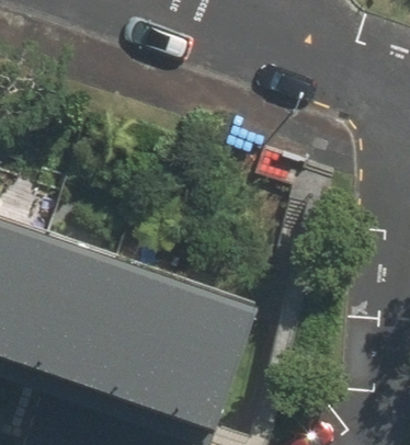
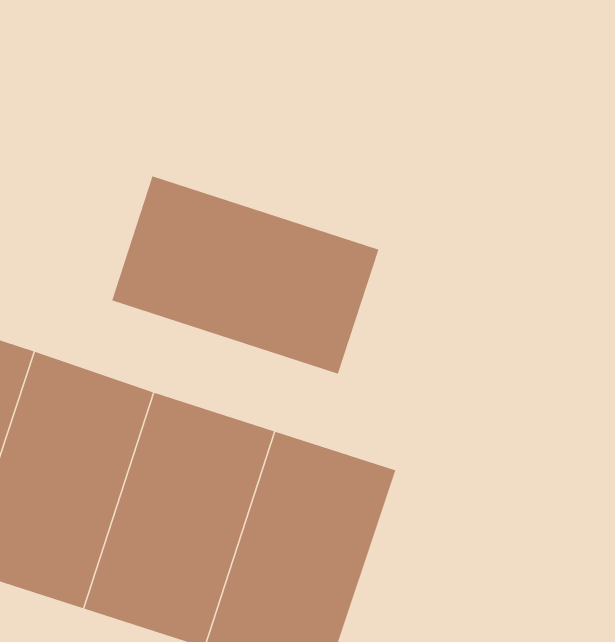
building: none -> [111,176,379,374]

